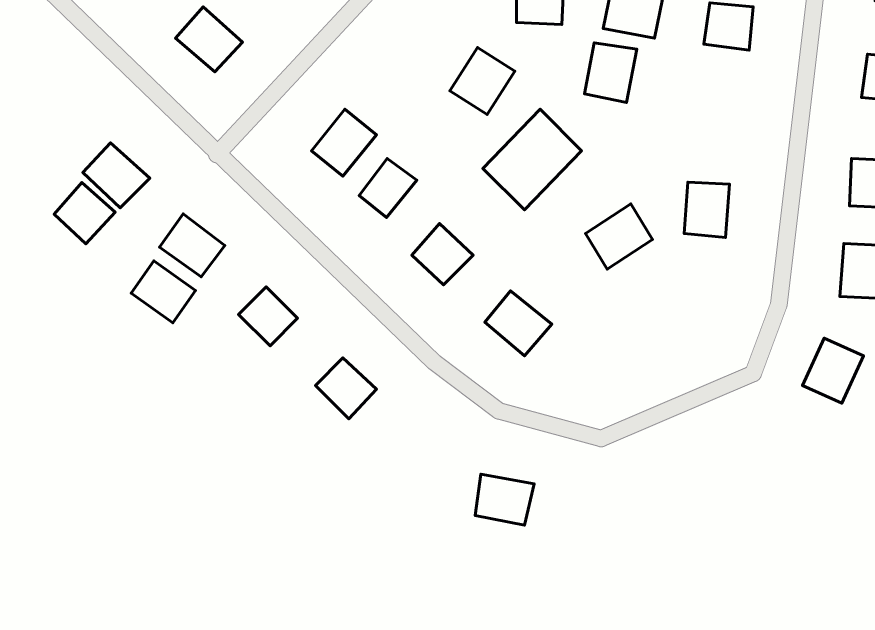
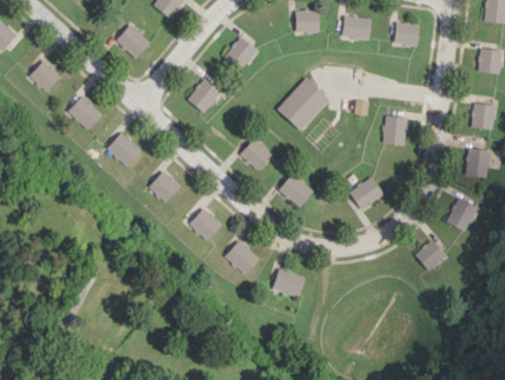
building: [585,43,637,103] -> none
building: [450,48,515,115] -> [224,36,258,71]
building: [359,158,417,217] -> none
building: [54,183,115,244] -> [29,60,61,92]
building: [585,204,653,269] -> [349,176,384,210]
building: [131,261,196,323] -> none
building: none -> [414,239,446,271]
building: none -> [225,240,260,274]

